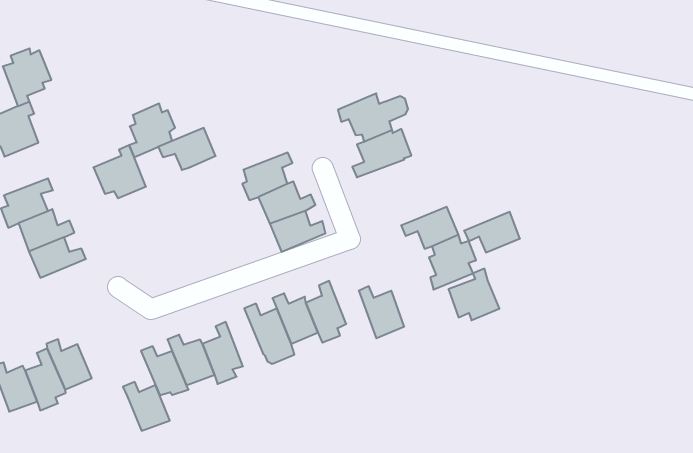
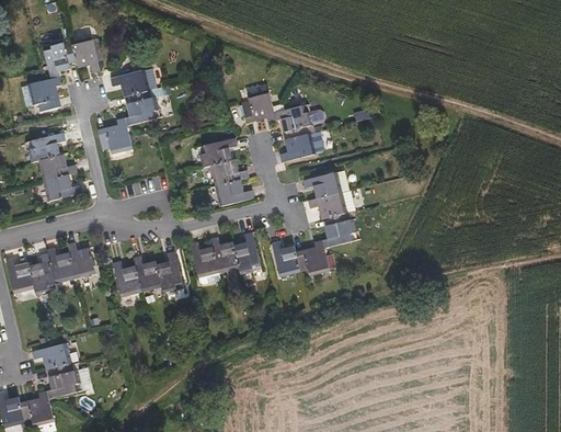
building: none -> [71,36,102,72]
building: none -> [241,90,276,123]
building: [158,128,216,170] -> [111,69,150,96]
building: [464,212,520,253] -> [304,171,342,197]
building: [448,269,499,320] -> [296,239,330,274]
building: [123,382,170,431] -> [67,241,96,276]

